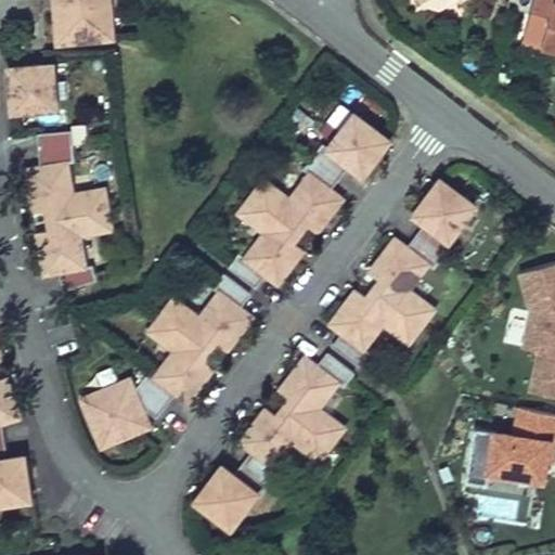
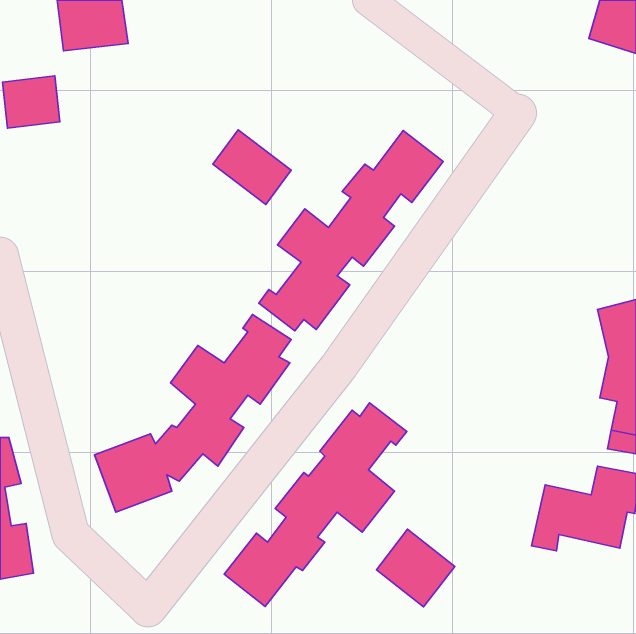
building: none -> [213,130,291,204]
building: [17,131,113,292] -> none
building: [330,182,476,367] -> none
building: none -> [376,529,455,607]

